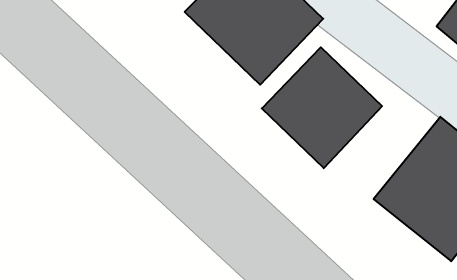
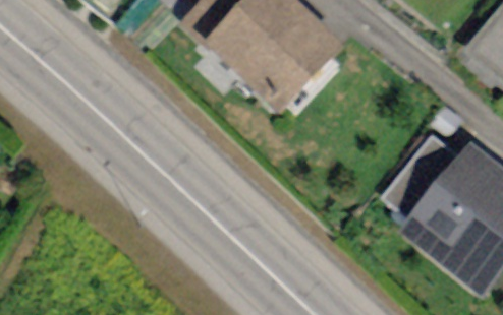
building: [262,47,382,168] -> none

